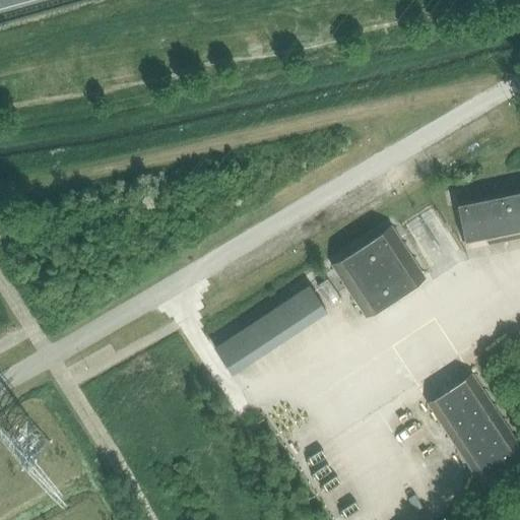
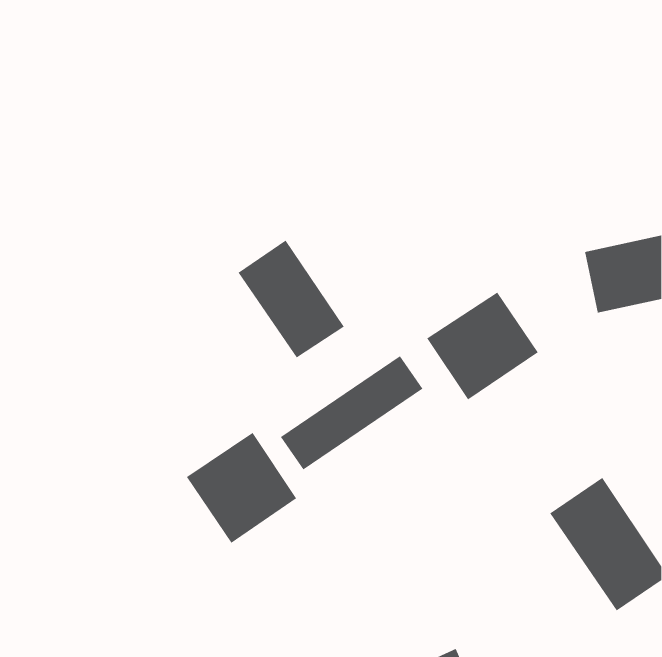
building: none -> [237,240,345,359]
building: none -> [186,432,297,544]

